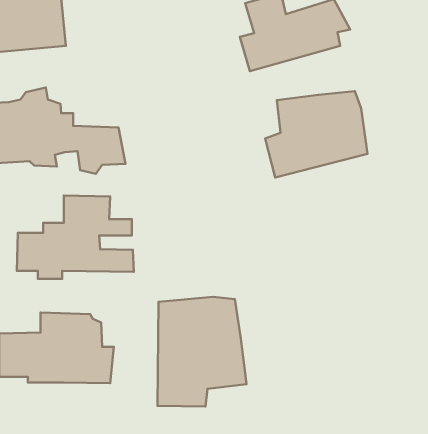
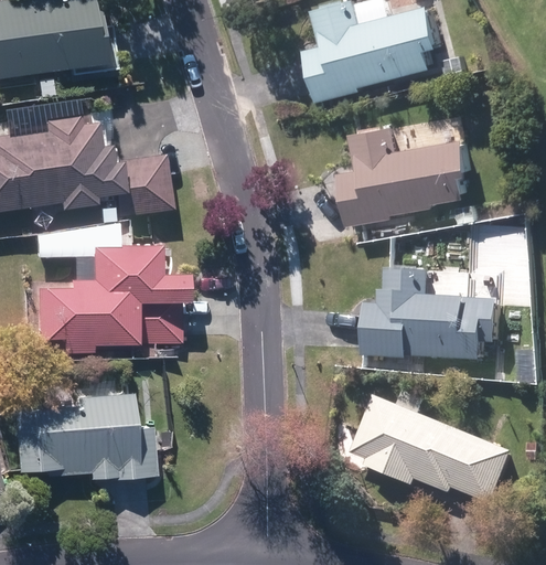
building: none -> [366,277,500,360]
building: [157,297,246,406] -> none
building: none -> [357,399,513,503]

